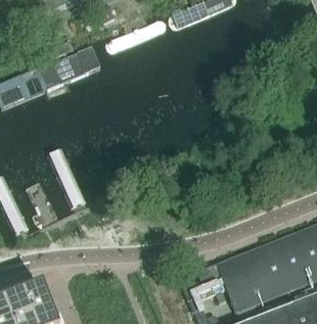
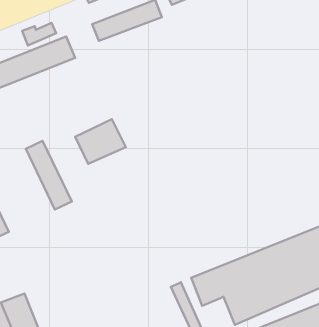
building: none -> [75,119,126,164]

